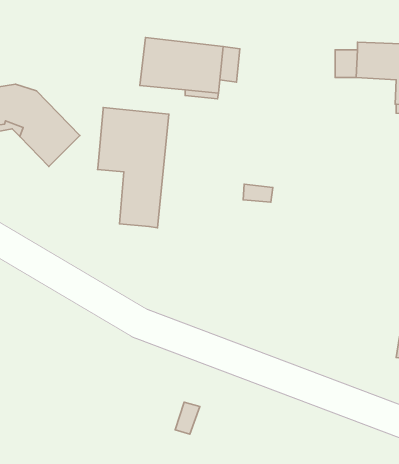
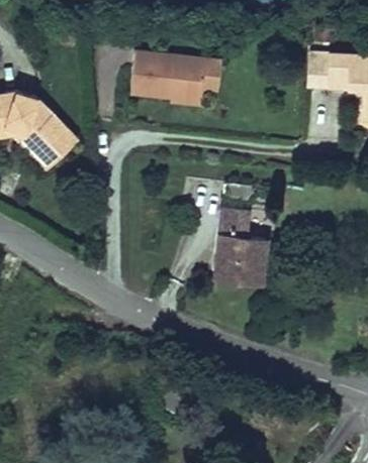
building: [98,108,169,228] -> none
building: none -> [214,211,266,282]

